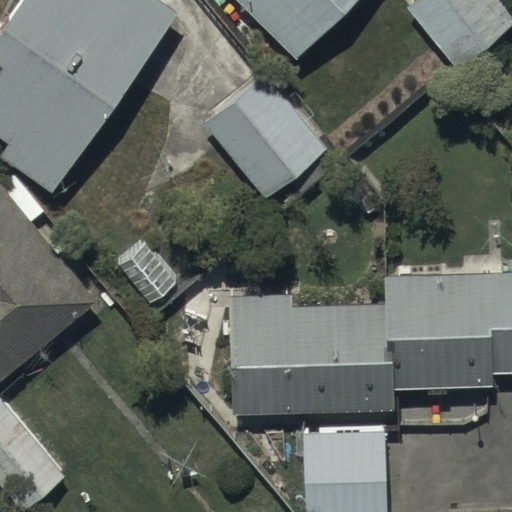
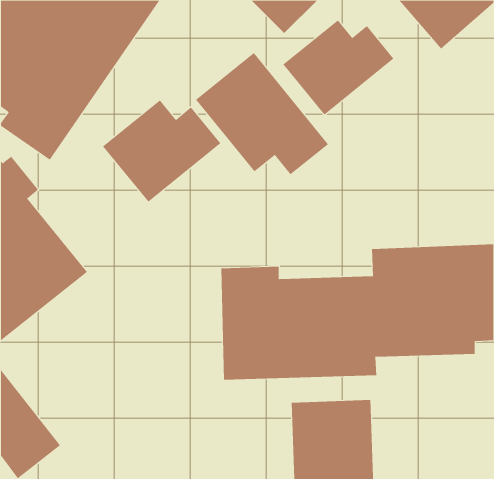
building: none -> [283,19,394,116]
building: none -> [102,100,221,203]

